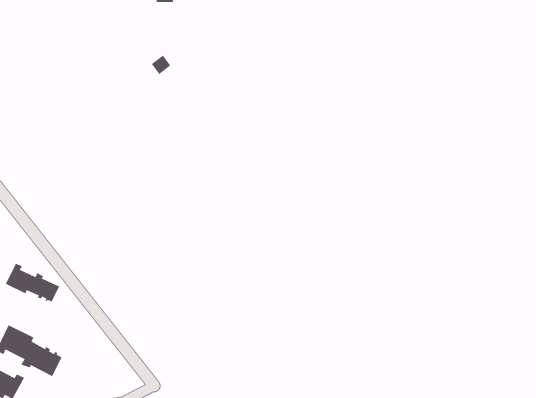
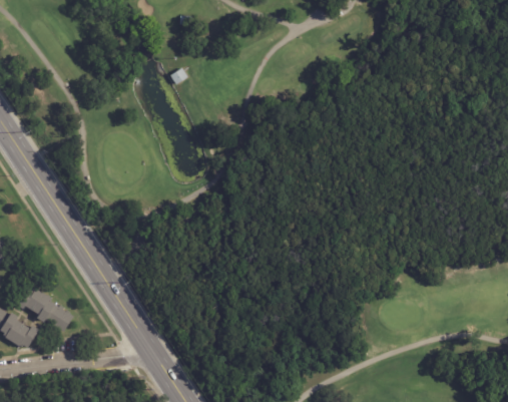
building: [5,263,60,303] -> none

